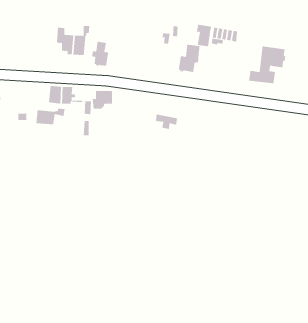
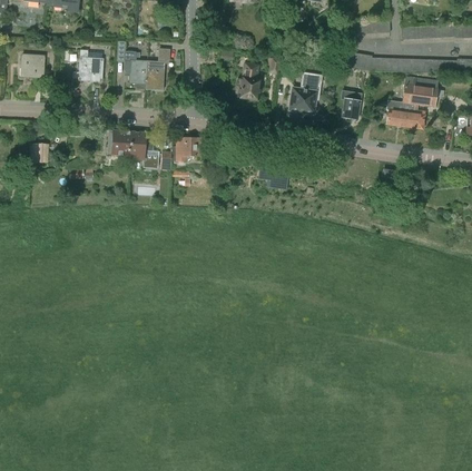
building: [196,24,212,47] -> [340,88,362,119]
building: none -> [78,50,102,86]
building: [91,41,109,66] -> [236,65,260,99]
building: [36,108,65,125] -> none

